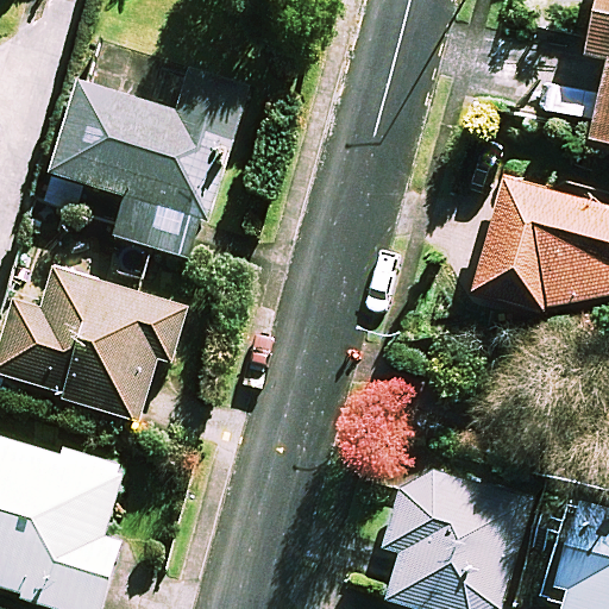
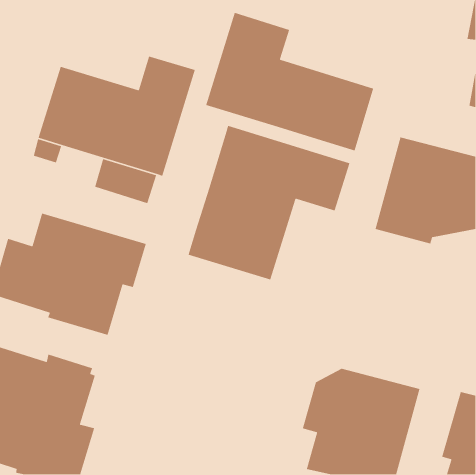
building: none -> [205,12,374,152]
building: none -> [187,125,351,281]

